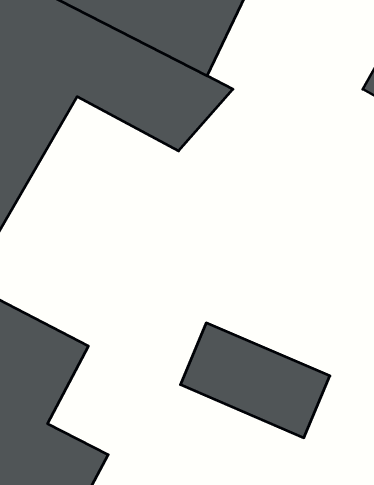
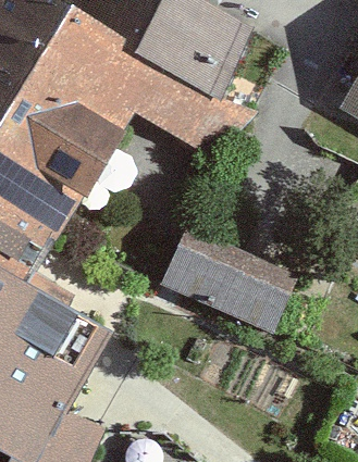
building: [180,323,330,438] -> [164,230,296,332]

